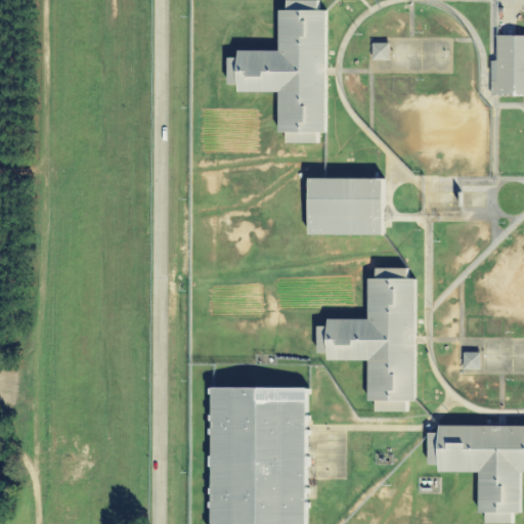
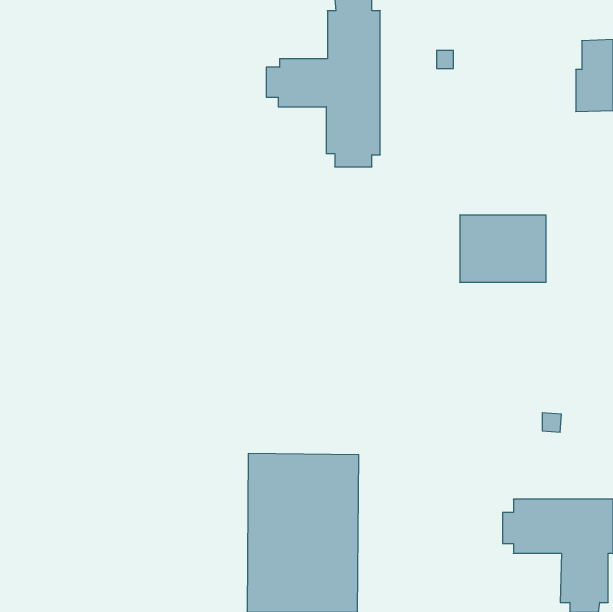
building: [309,177,383,234] -> [460,215,546,282]
building: [317,267,414,411] -> none

